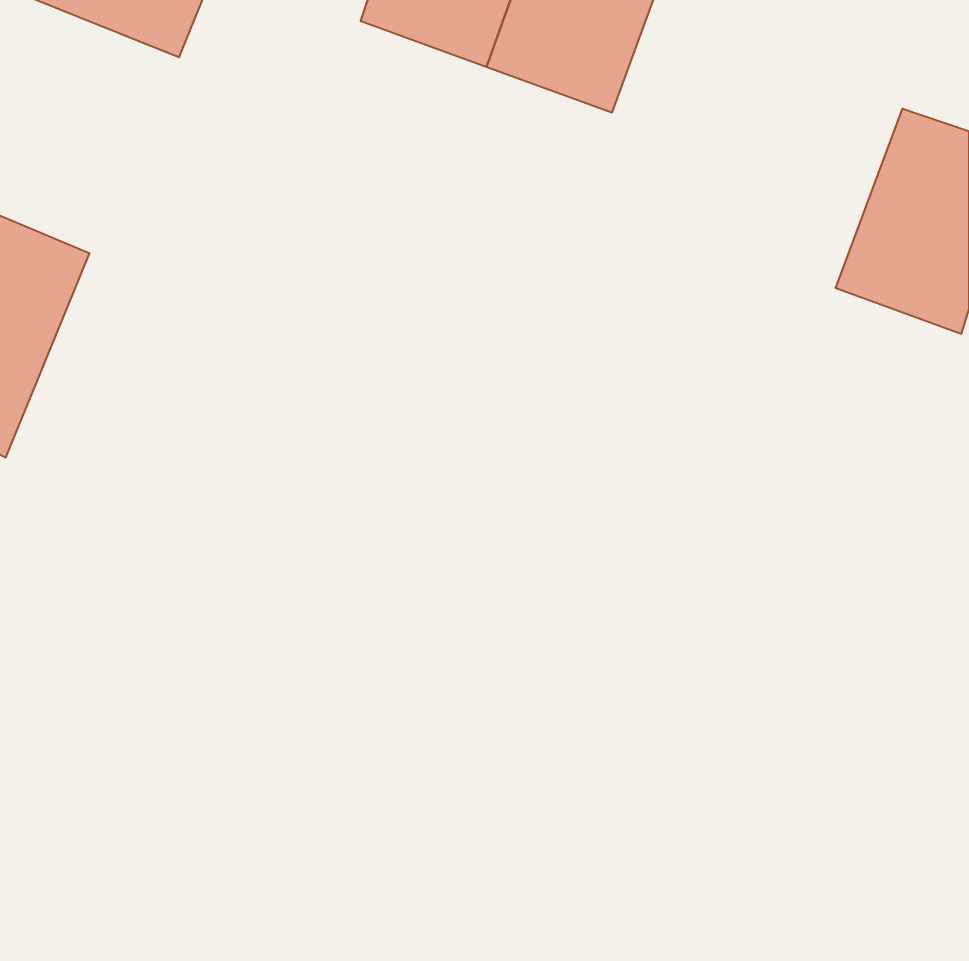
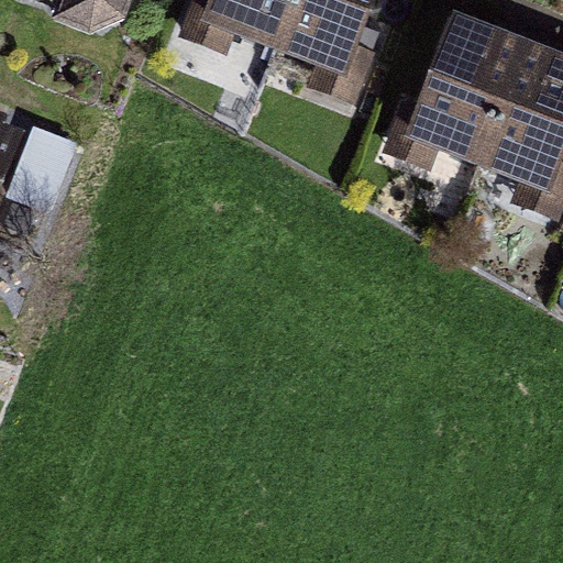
building: none -> [409,35,520,166]

